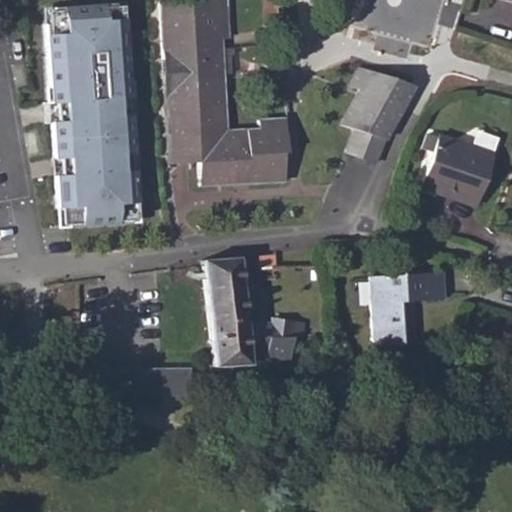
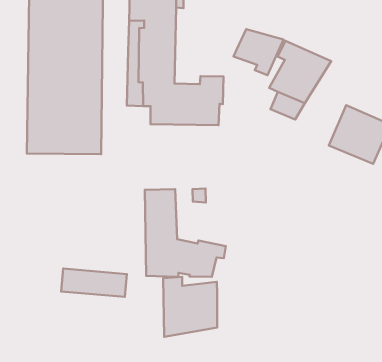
building: none -> [234,29,283,75]
building: [371,272,446,346] -> none
building: none -> [163,277,217,337]

